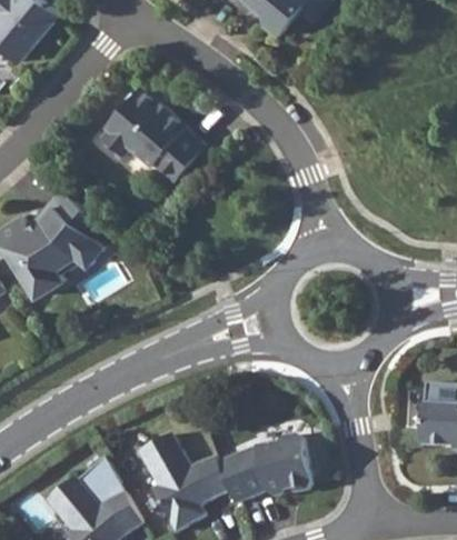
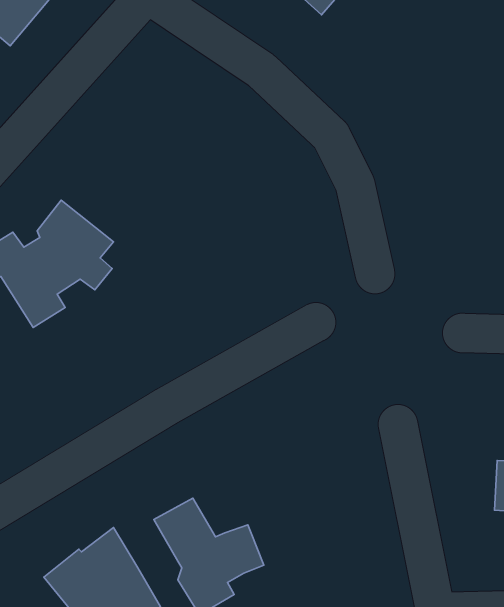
building: [100,84,203,180] -> none
building: [217,436,309,502] -> none

